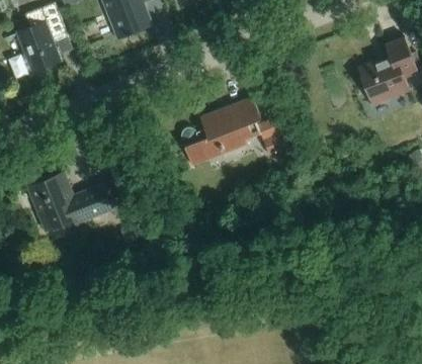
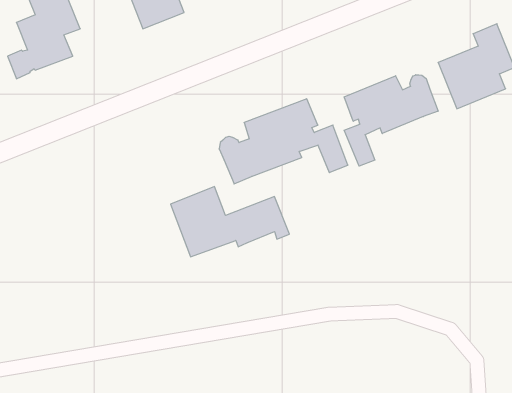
building: none -> [344,75,438,166]
building: [28,172,124,229] -> [171,187,289,257]

